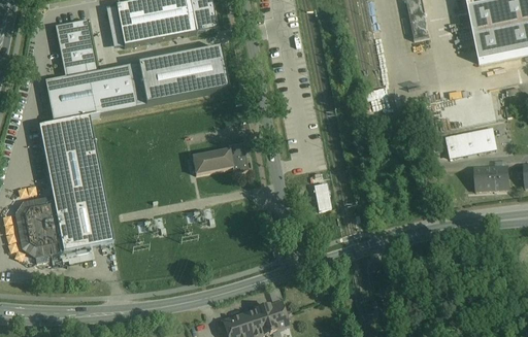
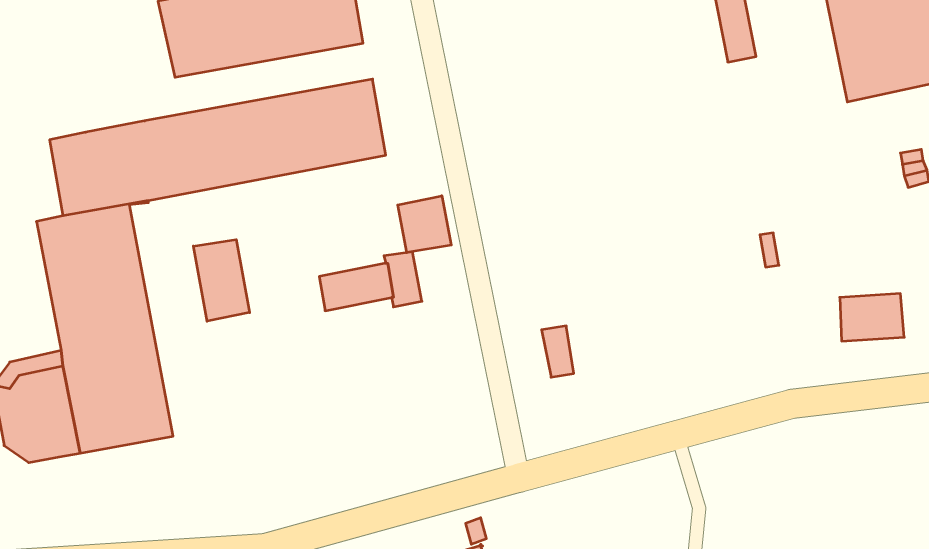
building: [56,19,98,76] -> none
building: none -> [398,196,451,253]
building: [446,126,497,156] -> none
building: none -> [193,240,250,321]

